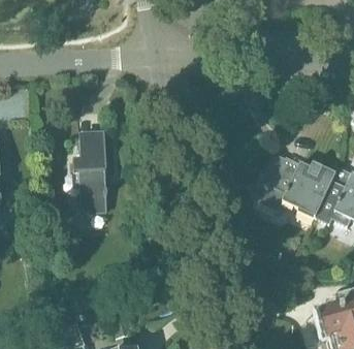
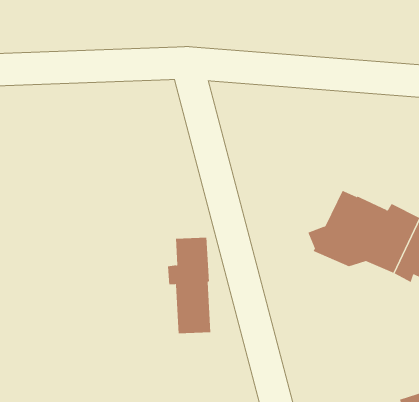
building: [72,134,106,210] -> [167,237,211,334]

